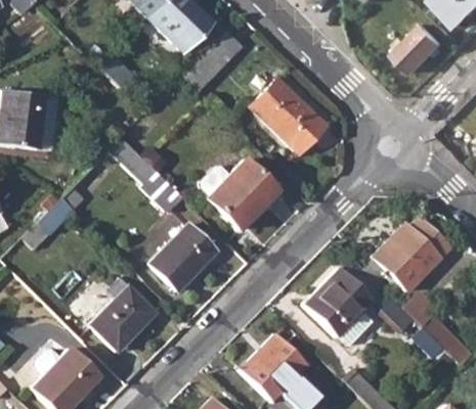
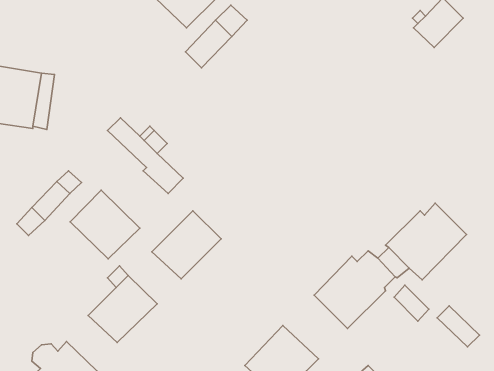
building: [252,79,327,153] -> none
building: [202,160,277,229] -> none
building: none -> [70,190,140,259]

